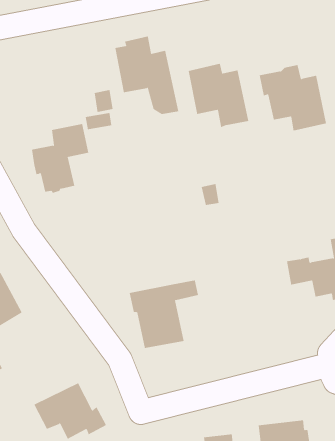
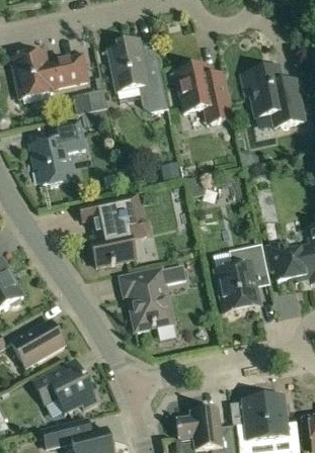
building: none -> [11,52,87,98]
building: none -> [79,193,148,266]
building: none -> [215,244,266,312]
building: none -> [11,320,64,366]

